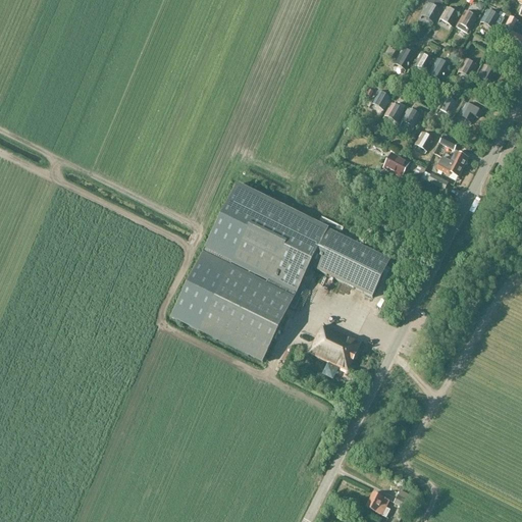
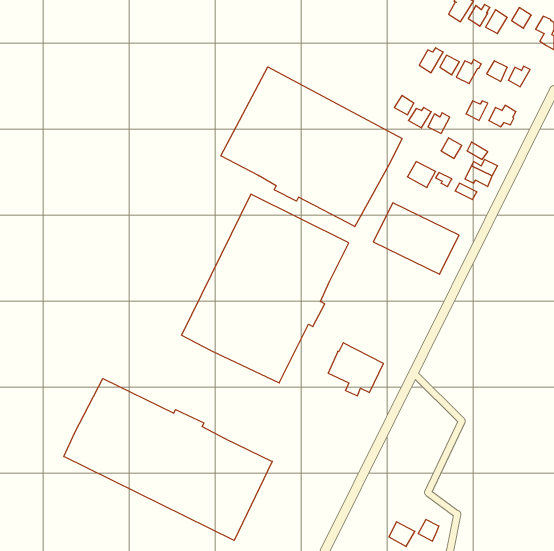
building: none -> [221,67,402,227]
building: [309,228,389,296] -> [373,203,459,274]
building: none -> [64,379,272,540]

